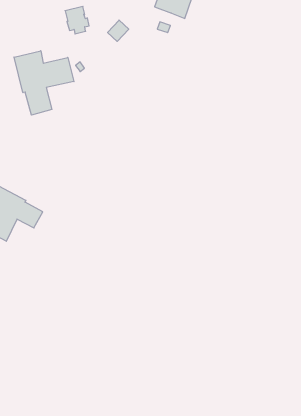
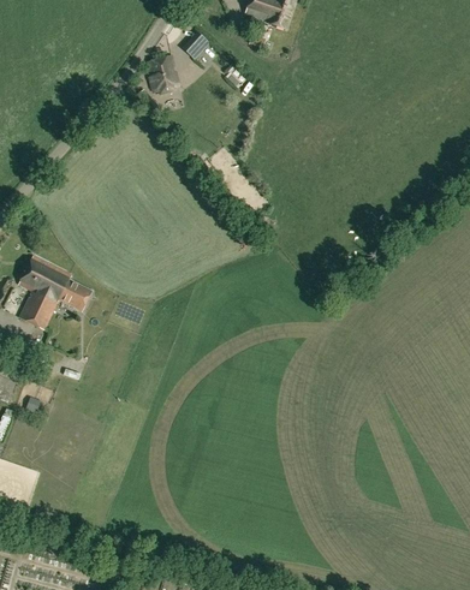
building: [65,6,89,34] -> [145,56,178,94]
building: [14,51,74,115] -> none

